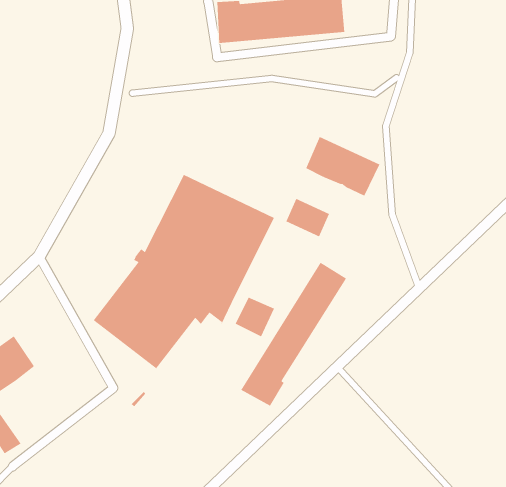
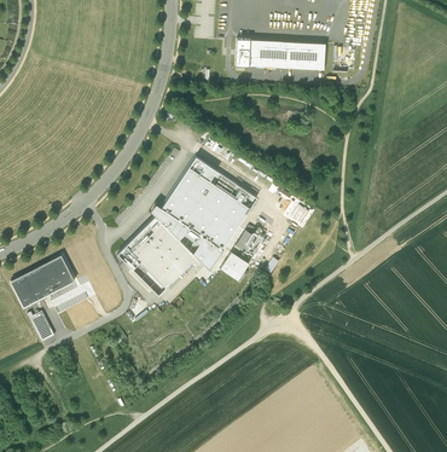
building: [306,136,380,197] -> none
building: [240,262,347,407] -> none

